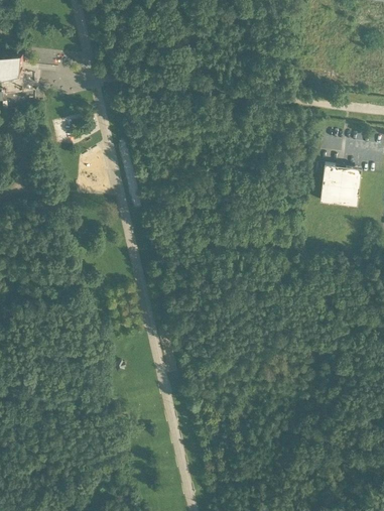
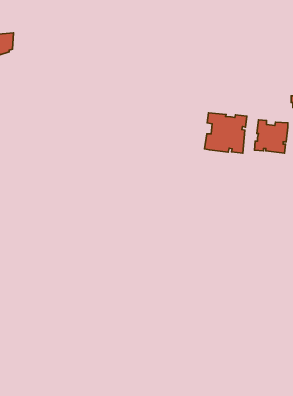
building: none -> [204,113,247,153]

